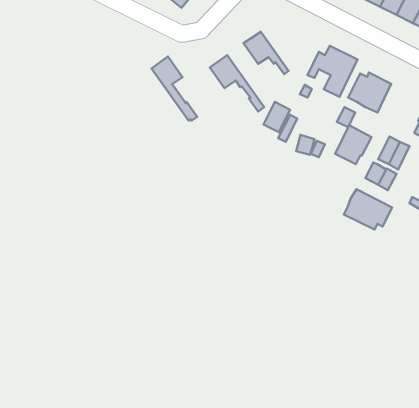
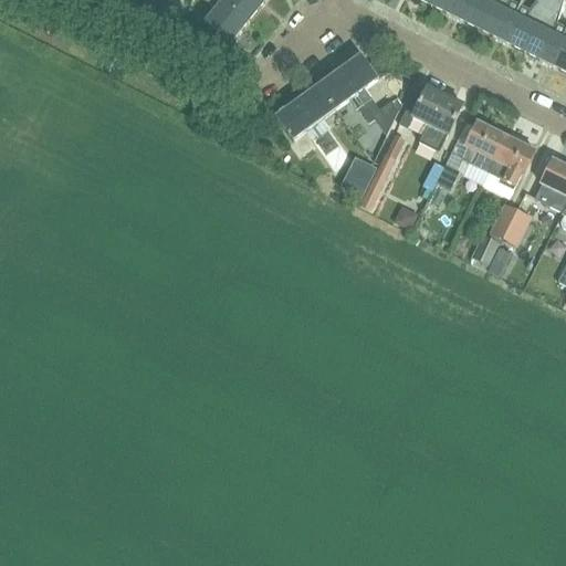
building: none -> [338,52,399,133]
building: [151,56,197,120] -> [295,82,354,164]
building: [335,125,371,164] -> [488,134,534,184]
building: [344,189,392,230] -> none

